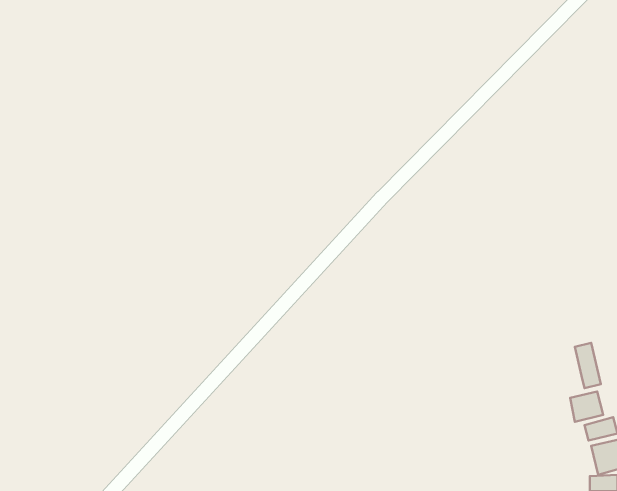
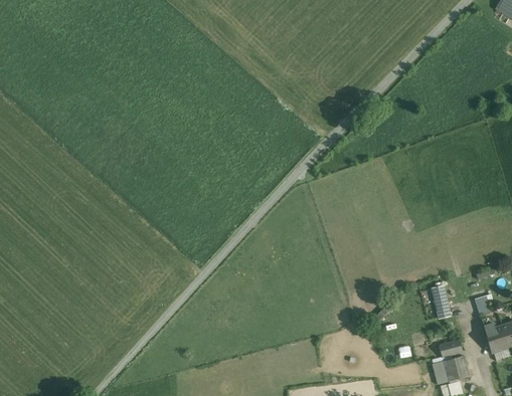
building: [570,391,603,422] -> none

